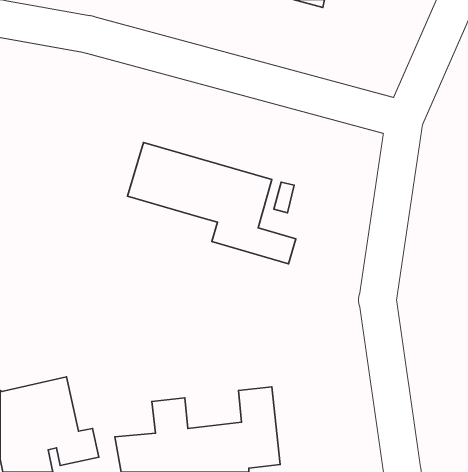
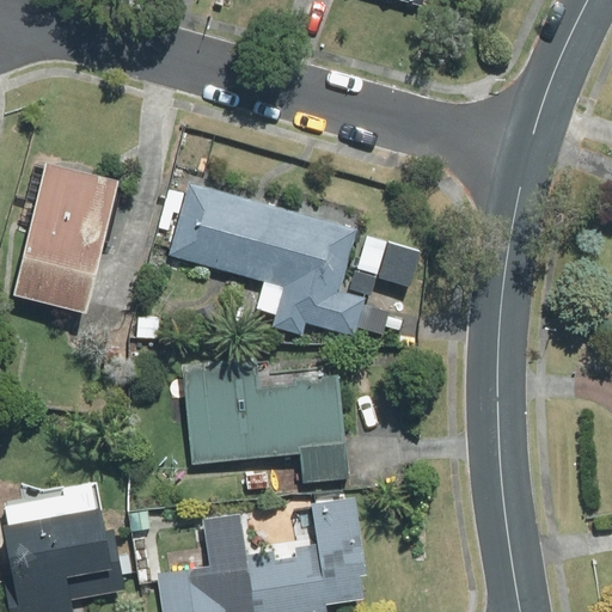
building: none -> [12,163,116,314]
building: none -> [182,356,354,486]

